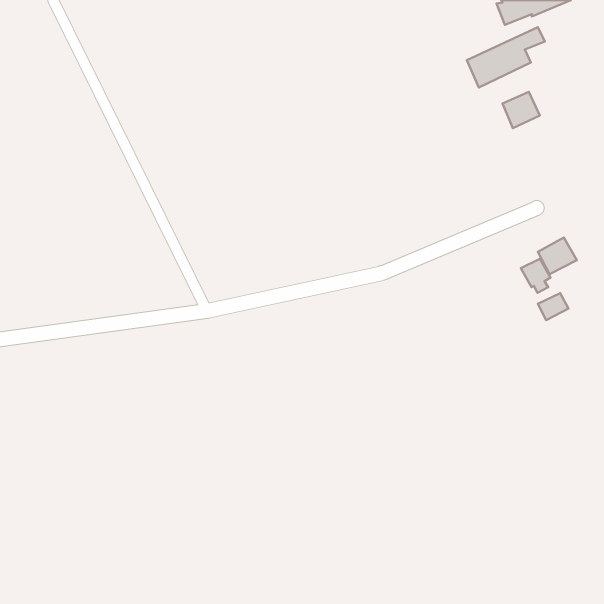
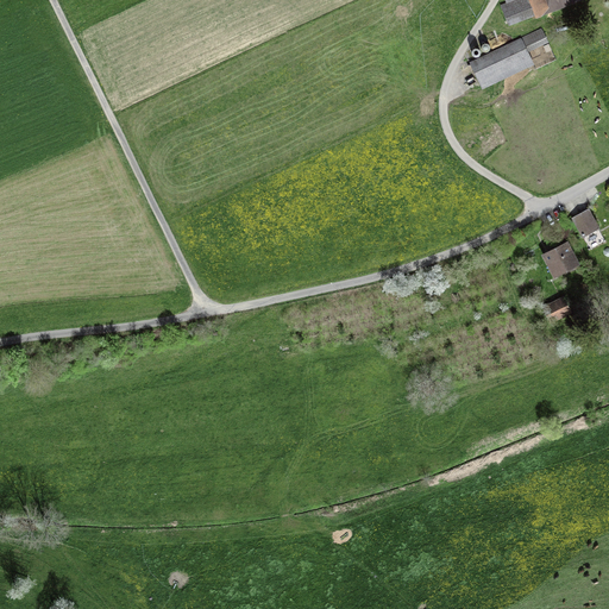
building: [503,92,540,128] -> none
building: [521,259,550,293] -> [571,207,601,241]

